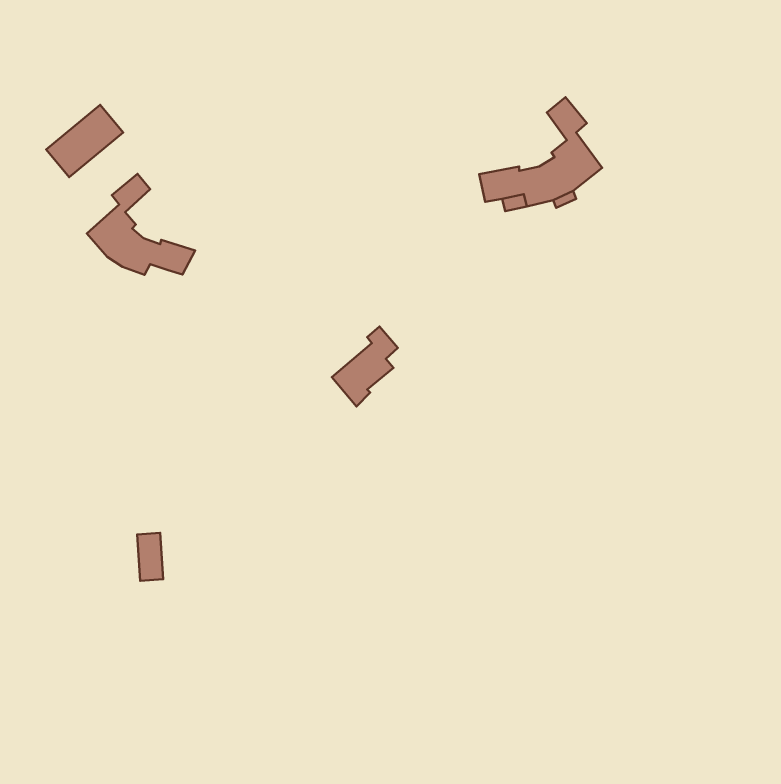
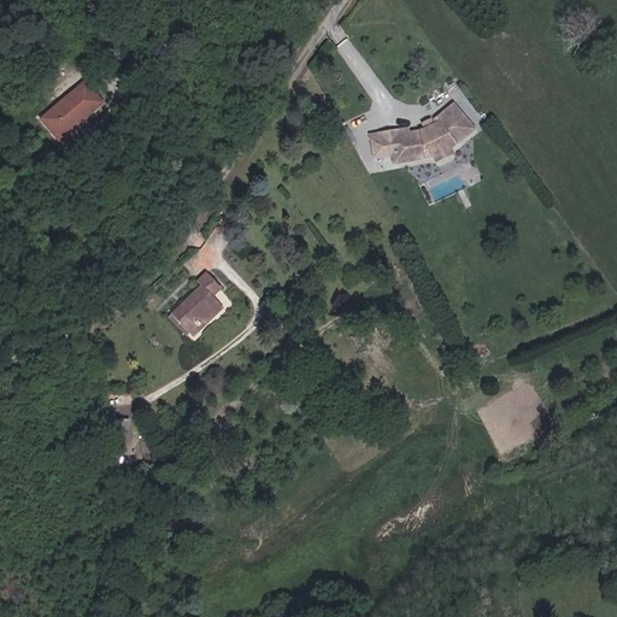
building: [87,174,195,275] -> none
building: [332,326,398,406] -> [169,266,221,329]

